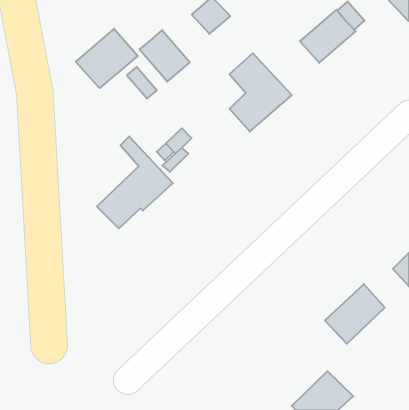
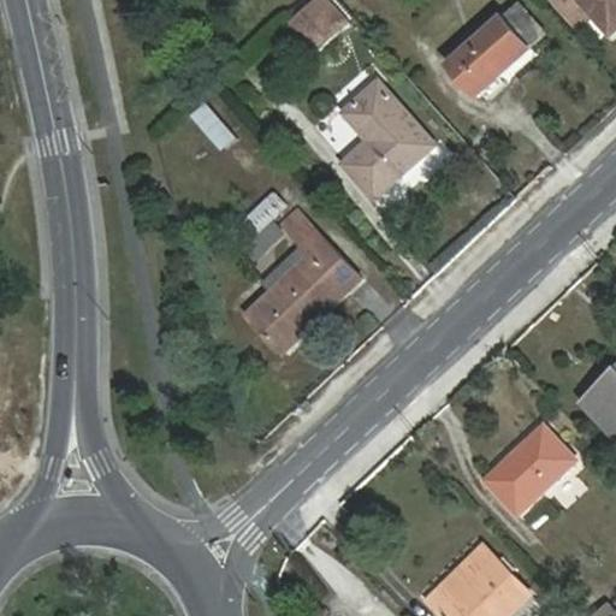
building: [76,29,138,88] -> none
building: [139,30,190,82] -> none
building: [97,136,173,228] -> [245,208,359,345]

